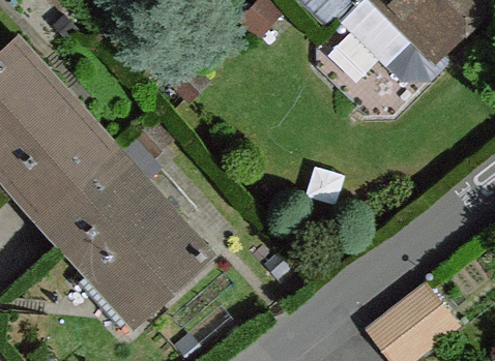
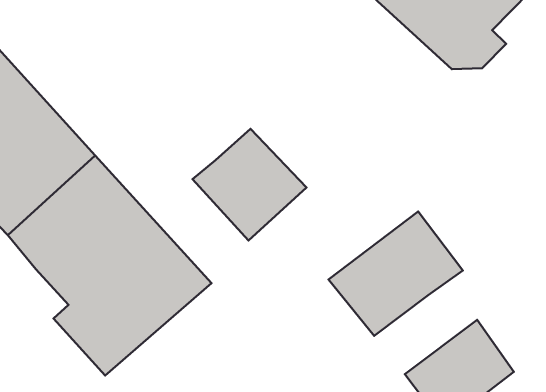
building: none -> [193,129,306,241]
building: none -> [328,211,463,336]

